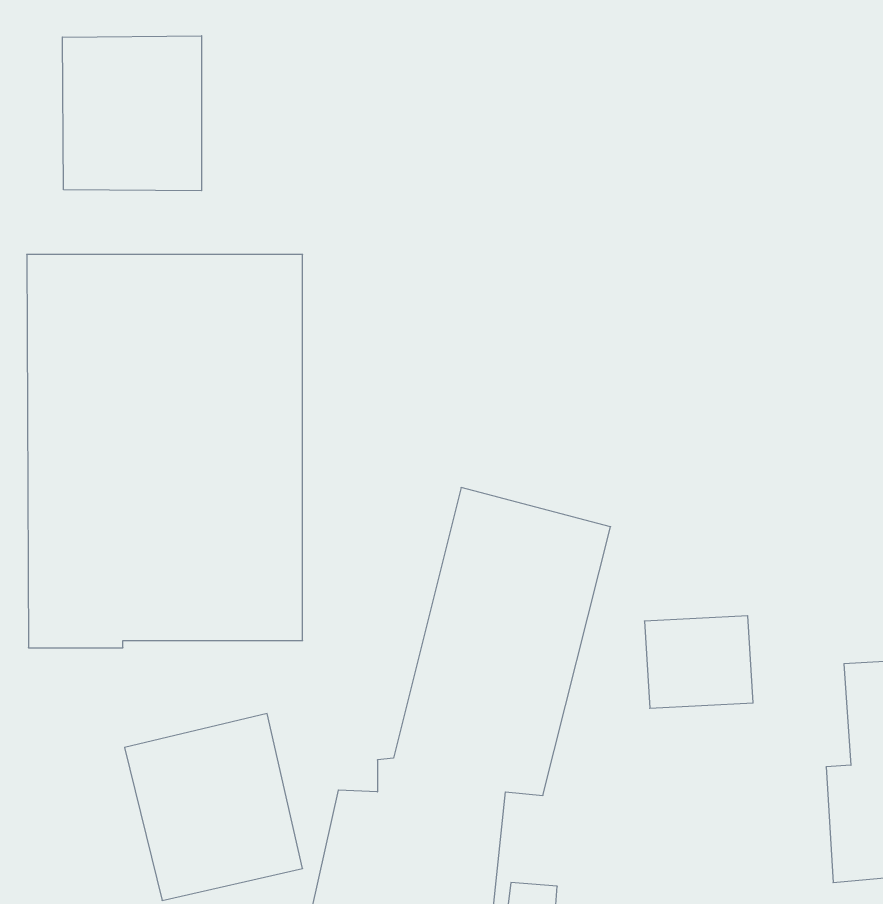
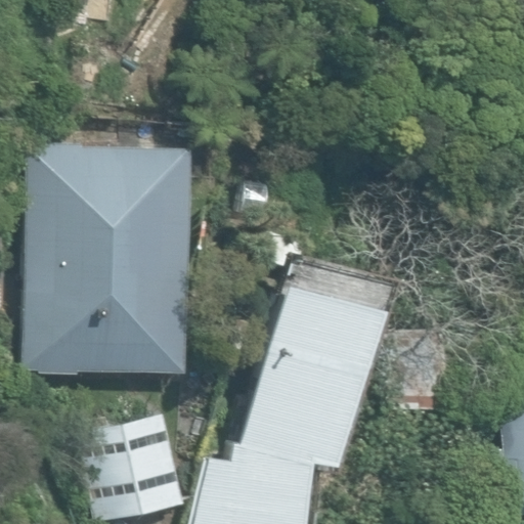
building: [62,36,202,191] -> none

